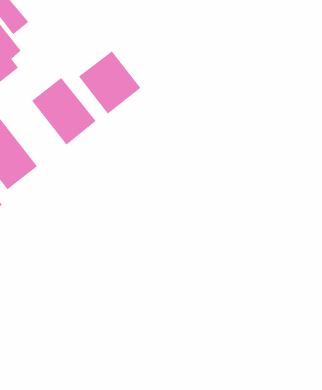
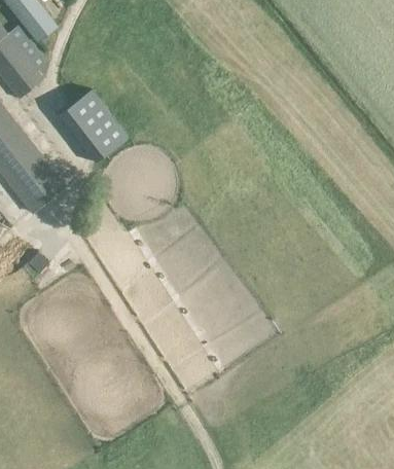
building: [78,51,141,115] -> none

